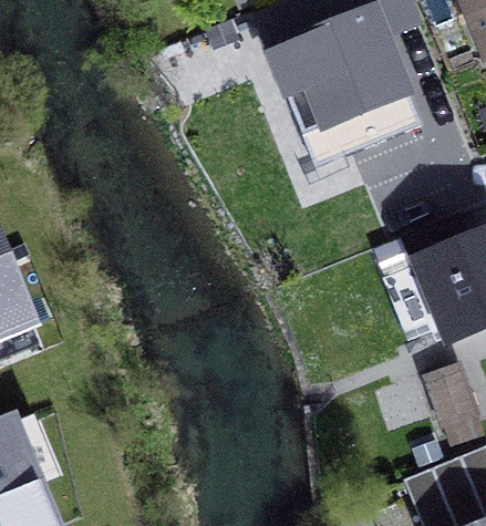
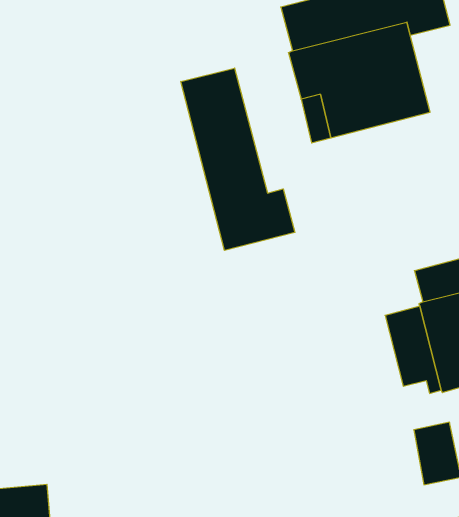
building: none -> [181,68,295,250]

